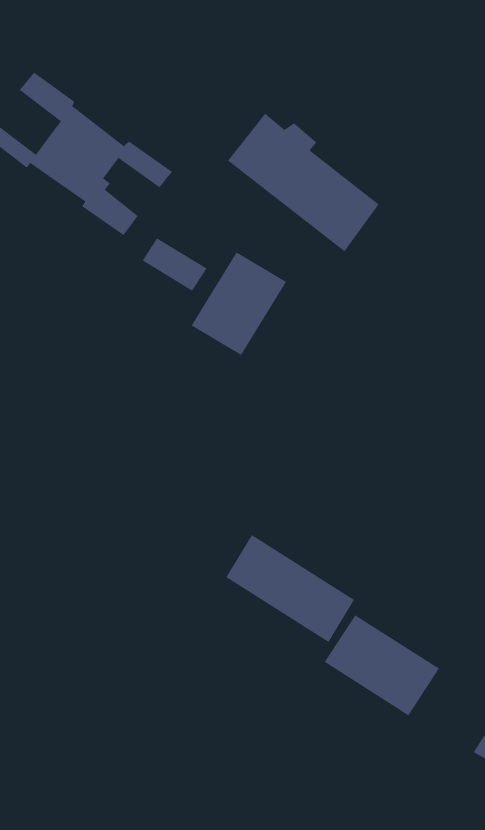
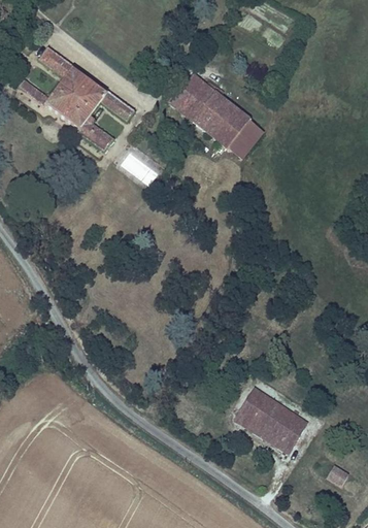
building: [191,252,287,356] -> none
building: [226,534,355,643] -> none

